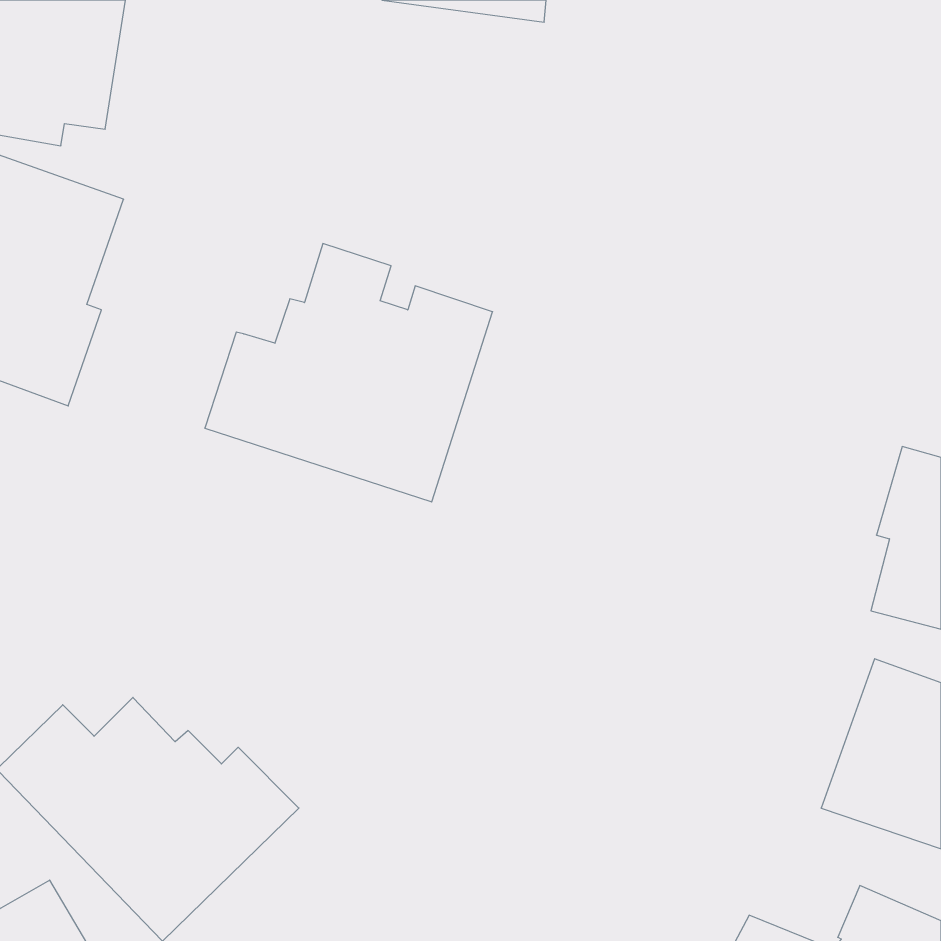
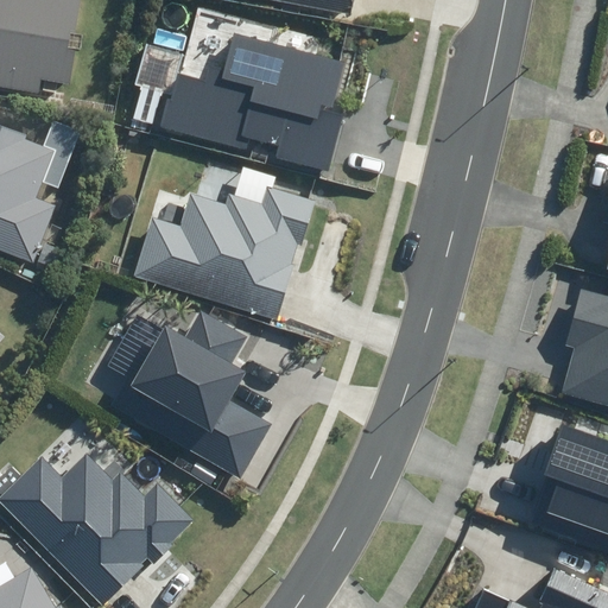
building: none -> [133,8,350,173]
building: none -> [116,305,271,479]

